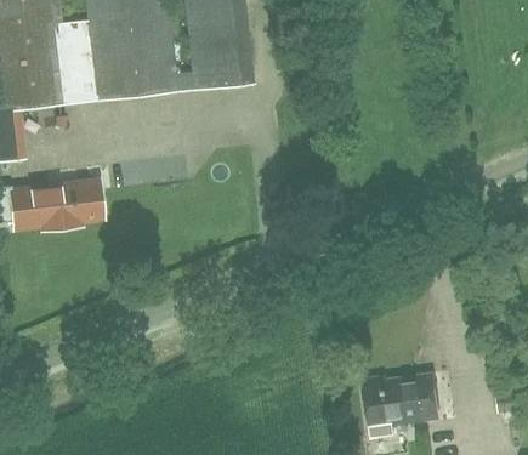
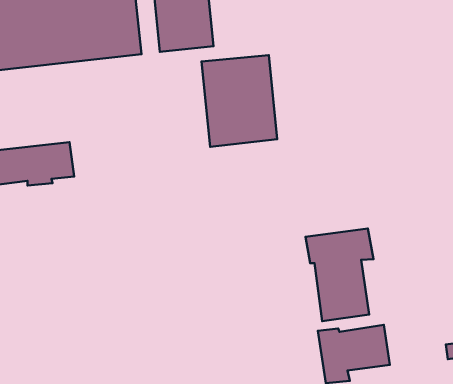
building: none -> [201,55,277,147]
building: none -> [306,228,373,321]

